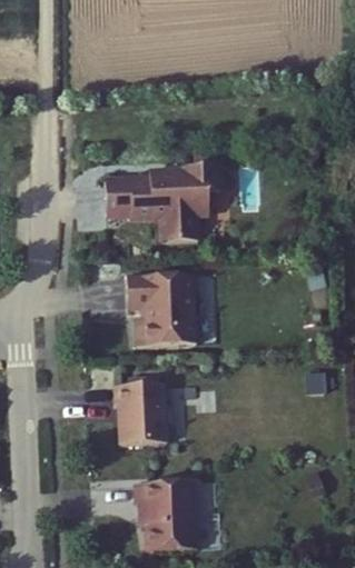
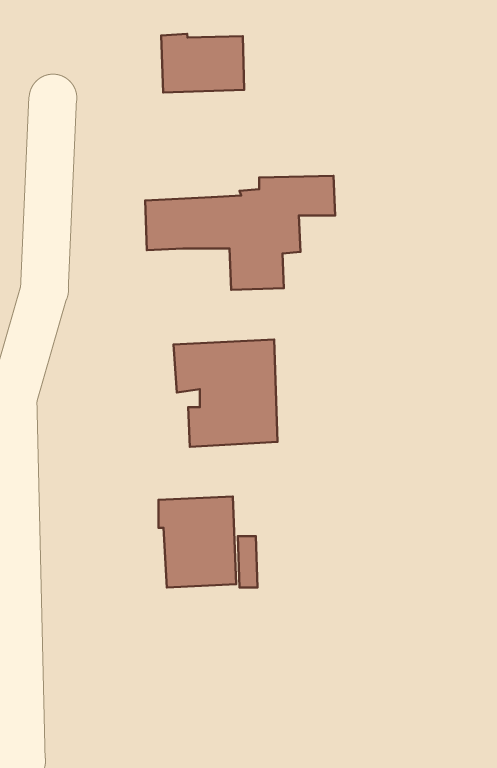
building: none -> [161,34,244,93]
building: [137,478,198,548] -> none

